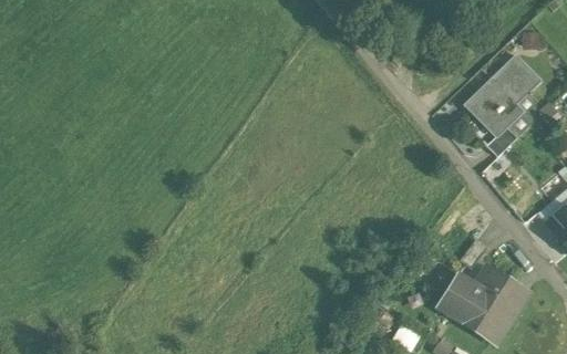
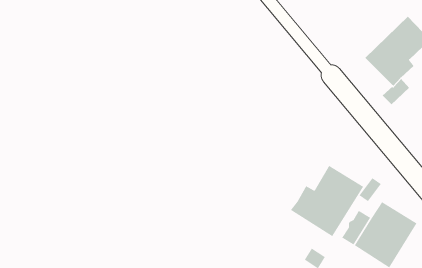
building: none -> [290,165,364,237]

